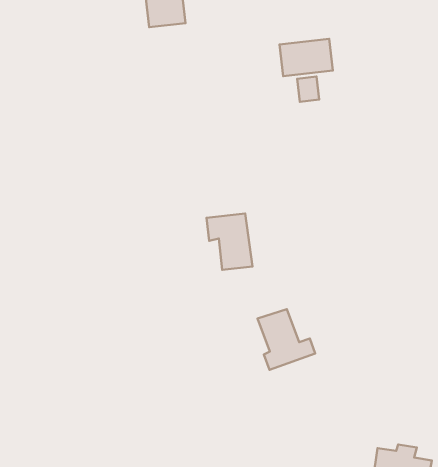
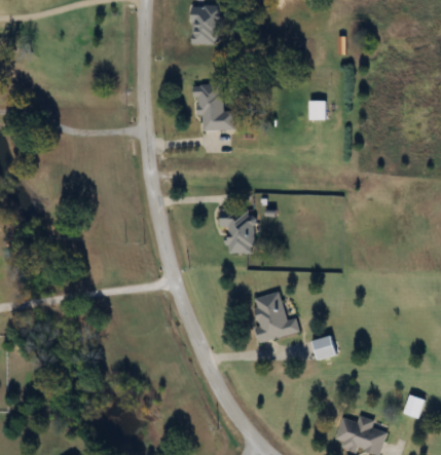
building: [279,39,333,76] -> none
building: none -> [194,83,231,129]
building: none -> [311,335,337,361]

